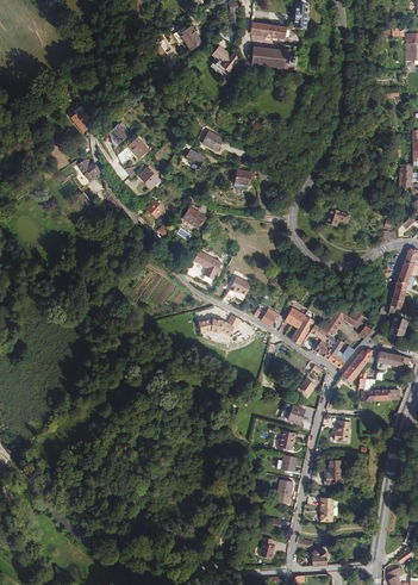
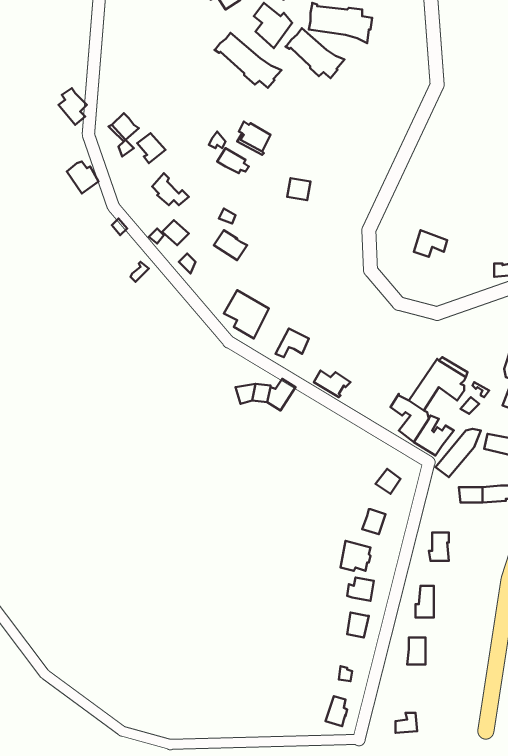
building: none -> [286,28,345,78]
building: none -> [214,33,281,88]
building: [285,307,314,344] -> none

